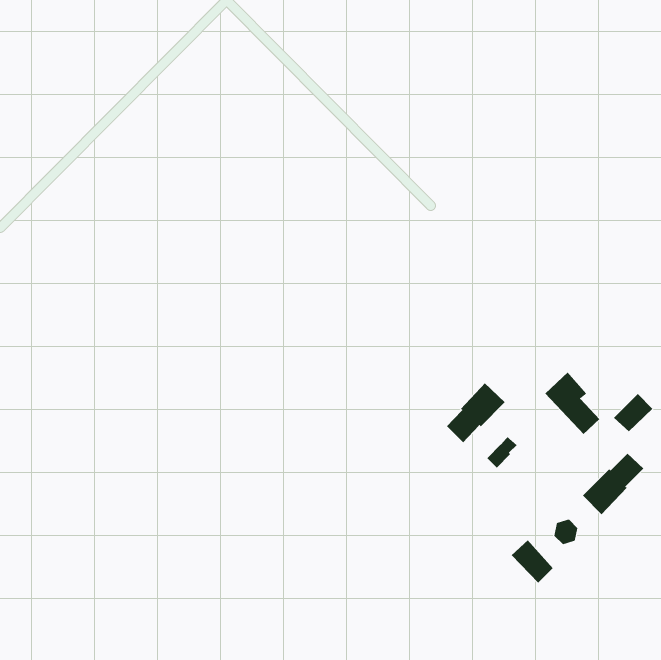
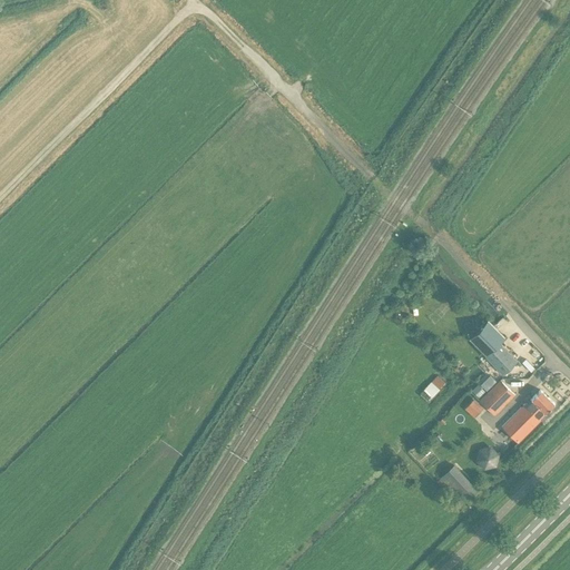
building: [446,383,506,443] -> none
building: [613,393,653,432] -> [479,381,513,414]

